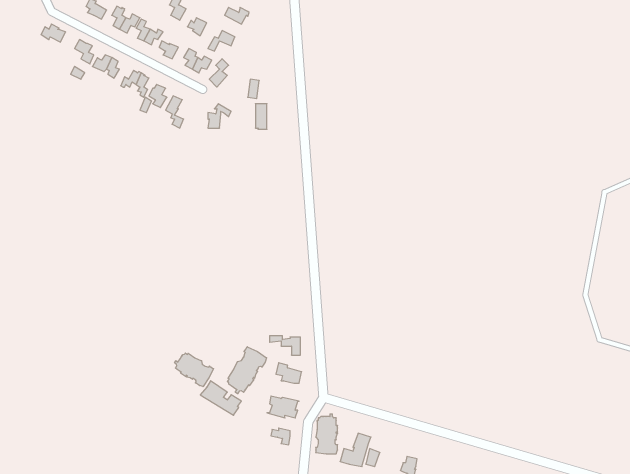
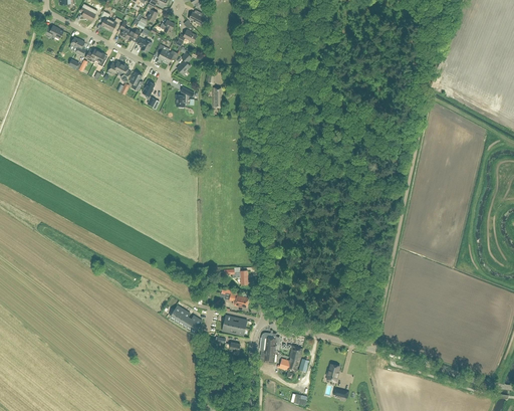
building: [227,347,267,394] -> none
building: [175,353,214,387] -> none

